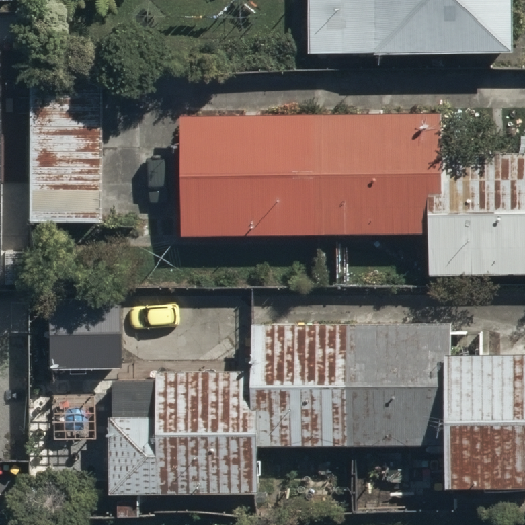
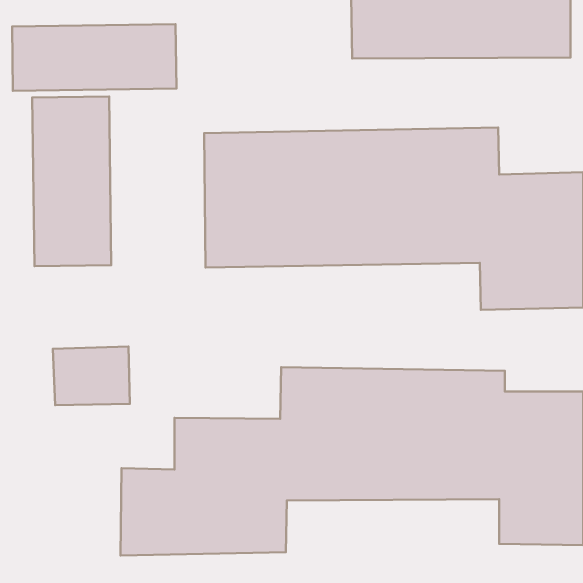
building: none -> [12,24,176,91]

